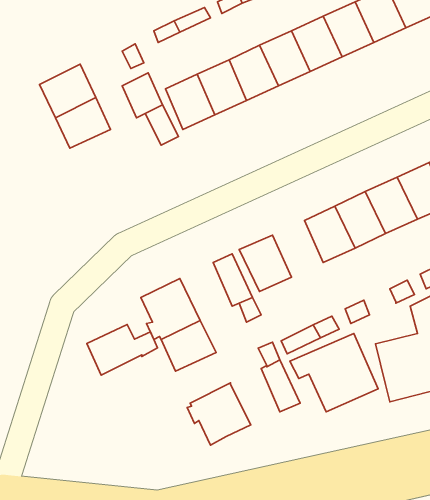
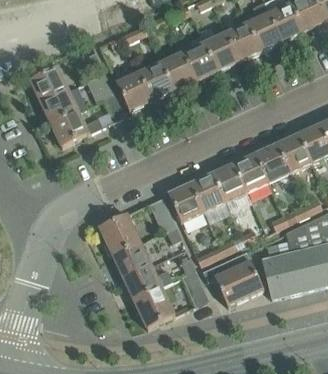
building: none -> [50,110,103,146]
building: none -> [190,173,225,212]
building: [87,325,158,375] -> [123,264,172,299]

